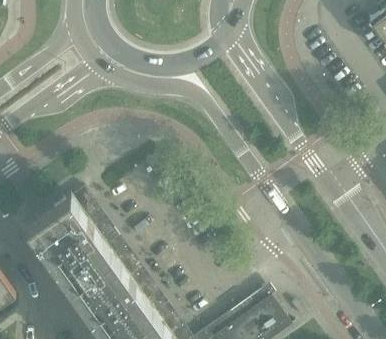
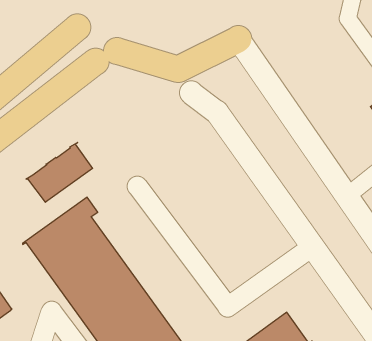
building: none -> [26,142,93,202]

